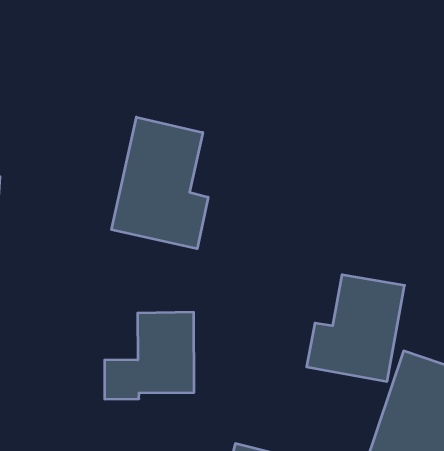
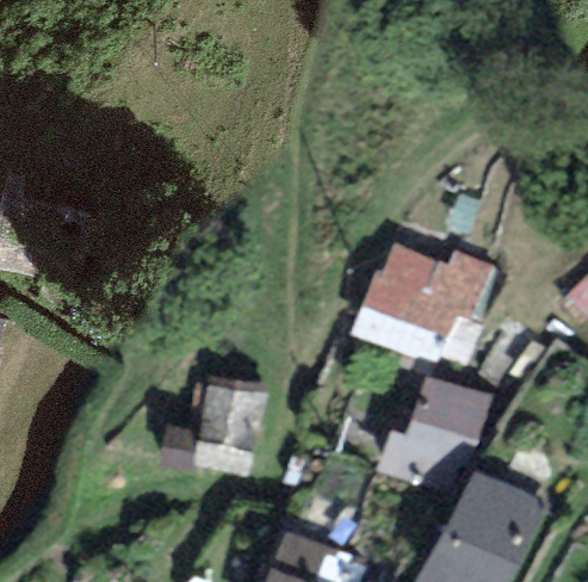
building: [112,117,208,249] -> none
building: none -> [343,243,496,367]

